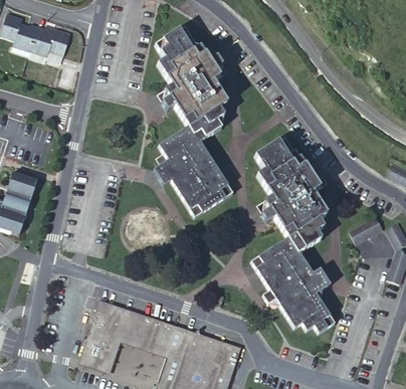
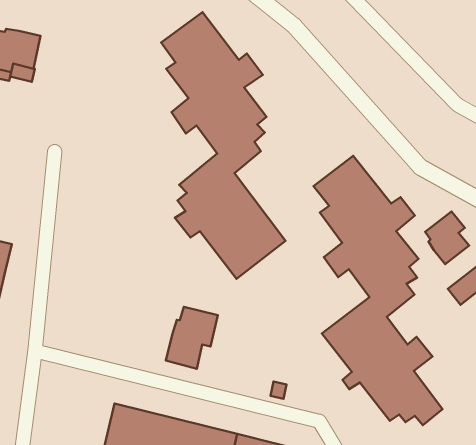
building: none -> [425,211,469,264]
building: none -> [166,307,218,369]

